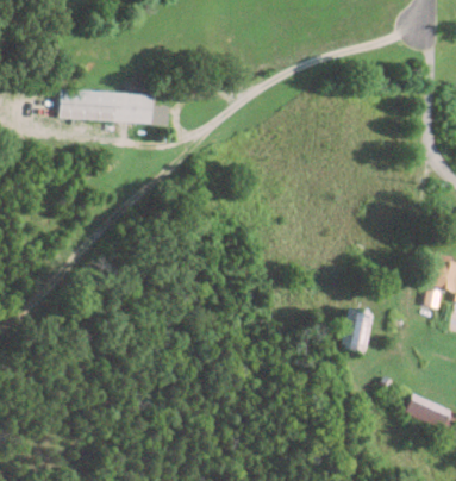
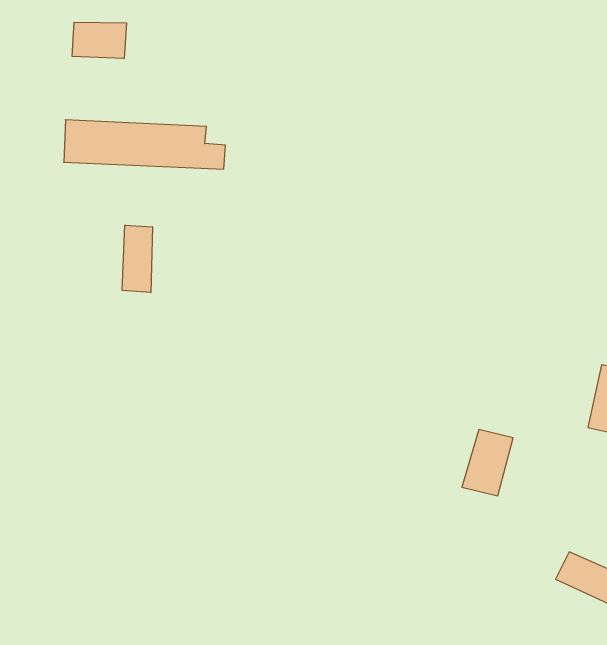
building: none -> [72,22,126,59]
building: none -> [122,225,152,293]

